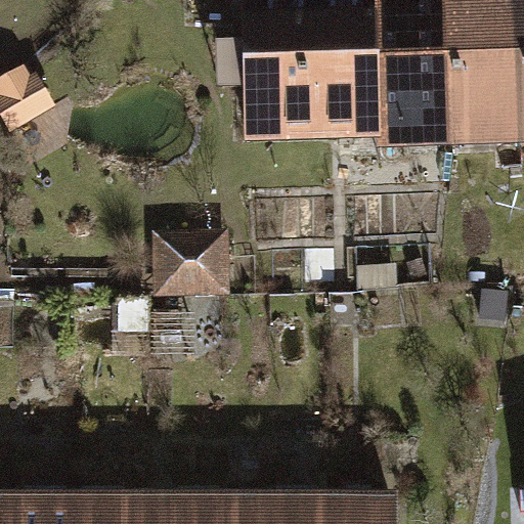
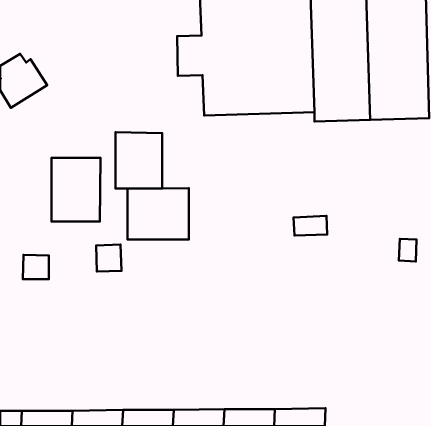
building: none -> [116,132,162,188]
building: none -> [51,158,101,222]

